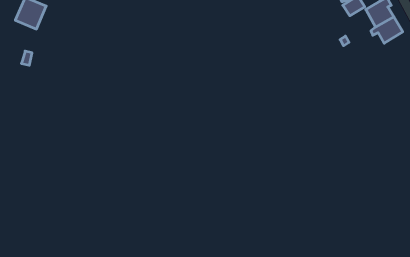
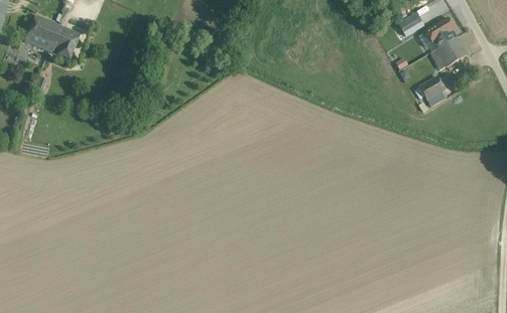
building: none -> [47,25,80,60]
building: none -> [417,76,445,108]

